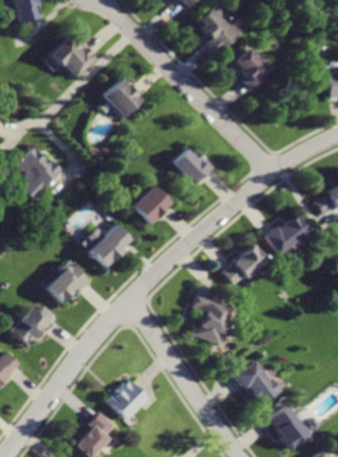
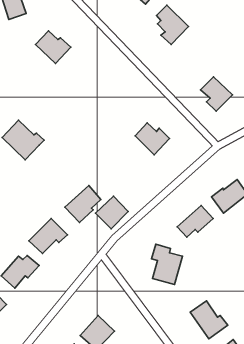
building: [231,48,269,89] -> [201,77,232,111]
building: [105,77,144,116] -> none
building: [132,185,171,224] -> [96,196,128,229]

